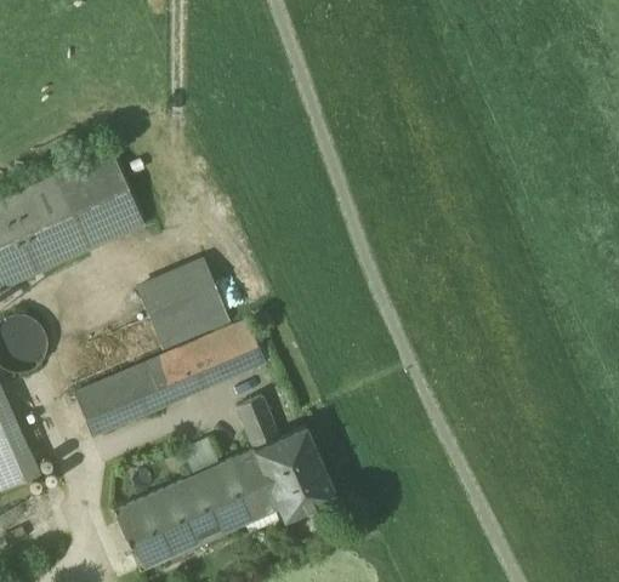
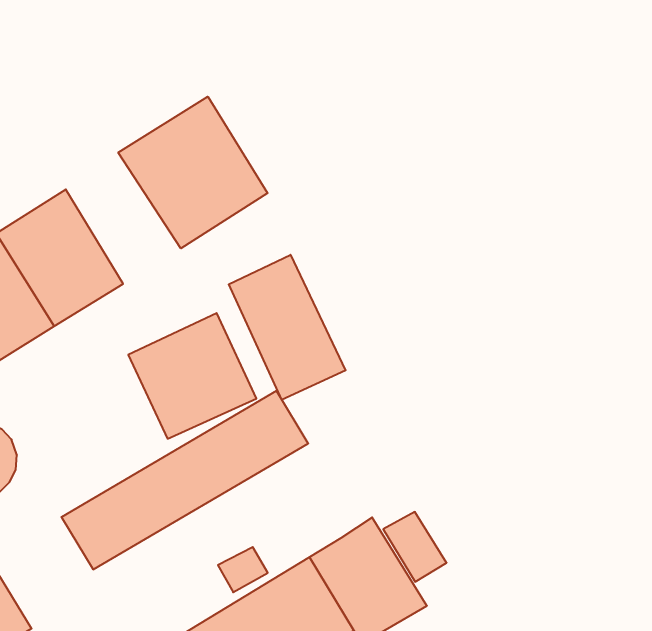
building: none -> [118,97,268,248]
building: none -> [229,255,346,400]
building: [235,396,279,449] -> [383,512,447,582]

